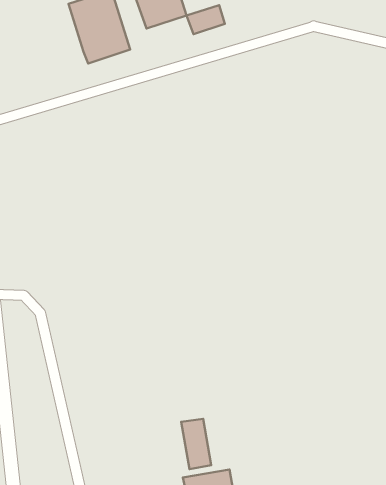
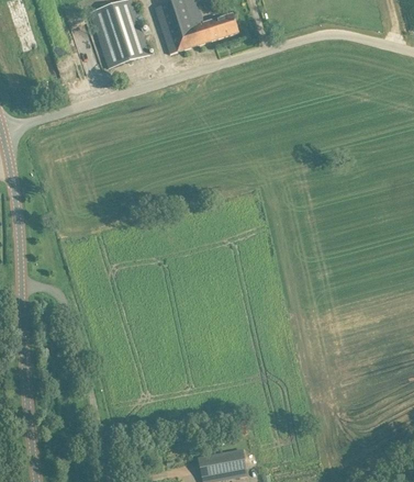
building: none -> [164,22,208,53]
building: [181,419,211,469] -> none

